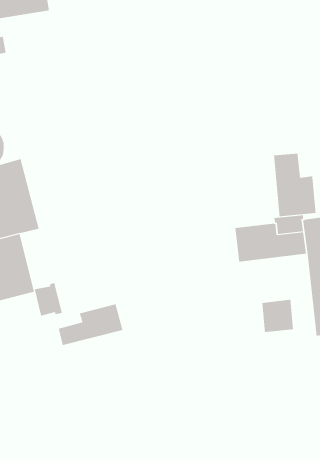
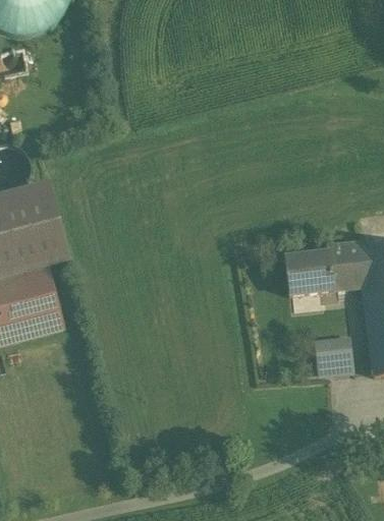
building: [274,153,316,217] -> none
building: [34,282,62,316] -> none
building: [58,303,123,346] -> none

